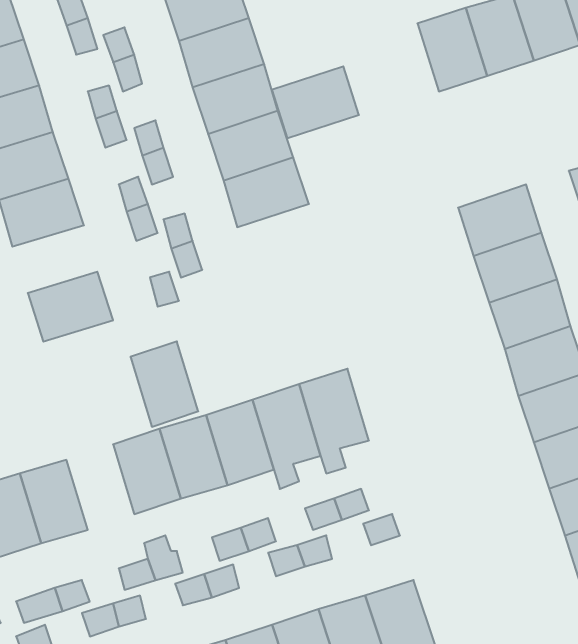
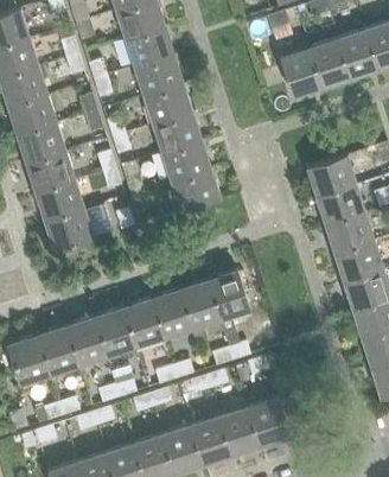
building: [272,66,359,138] -> [170,167,223,211]
building: none -> [32,180,84,222]
building: [130,341,198,427] -> [65,314,107,367]

